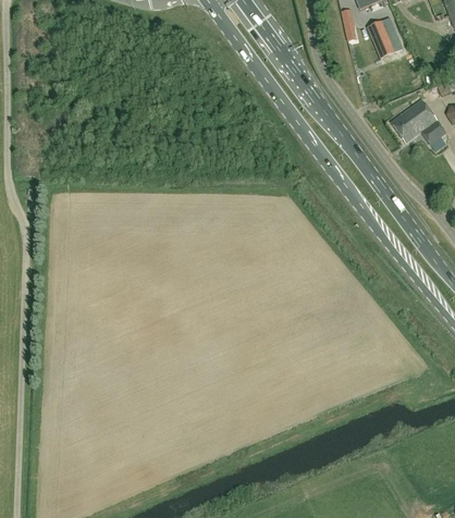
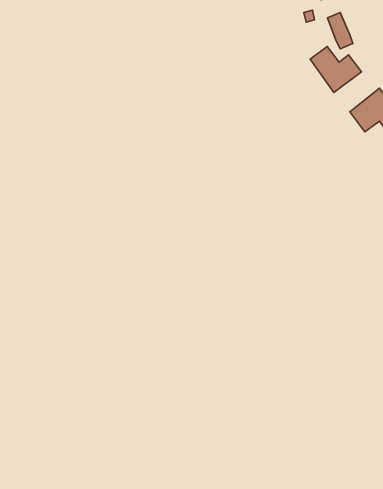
building: none -> [310,47,361,92]

